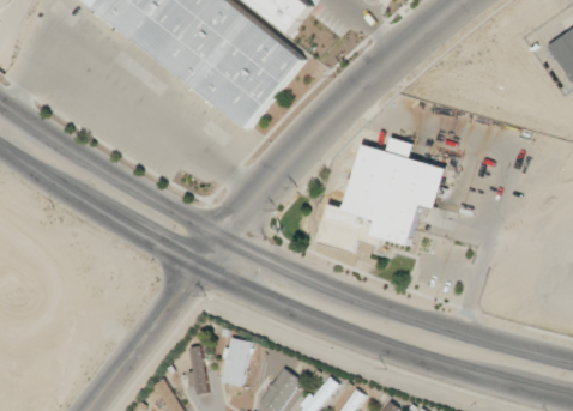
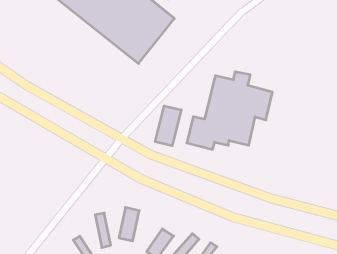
building: none -> [155,106,181,146]

